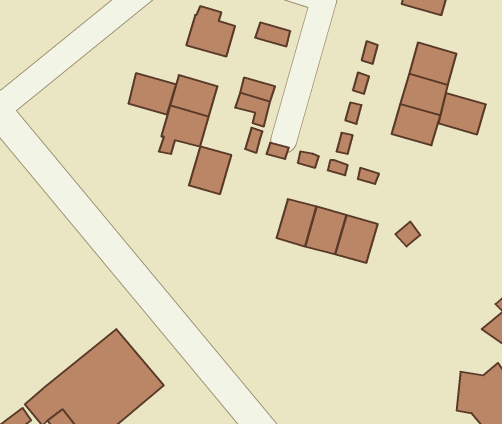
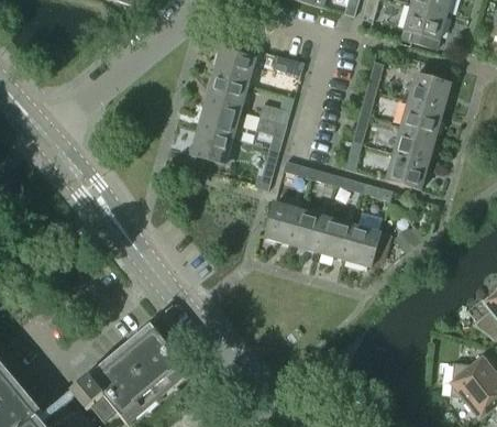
building: [128,73,176,115] -> [206,75,247,111]
building: [438,93,486,134] -> [386,153,428,189]
building: [189,146,231,194] -> [264,202,301,244]

